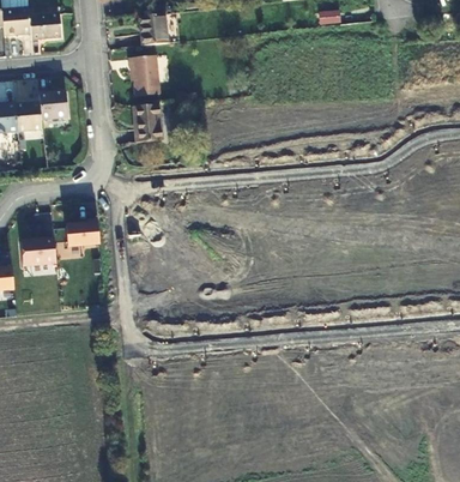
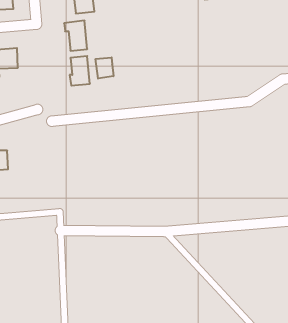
building: none -> [96,57,113,79]
building: [65,221,98,248] -> none

